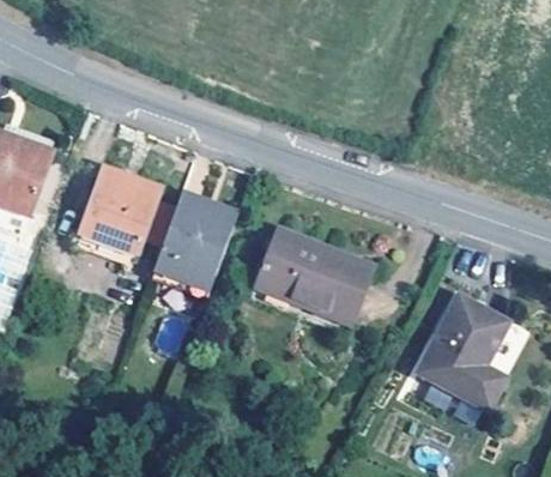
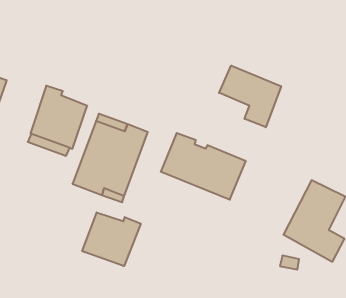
building: none -> [219,66,281,127]
building: none -> [82,212,141,266]

